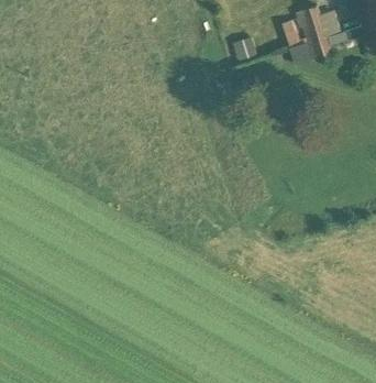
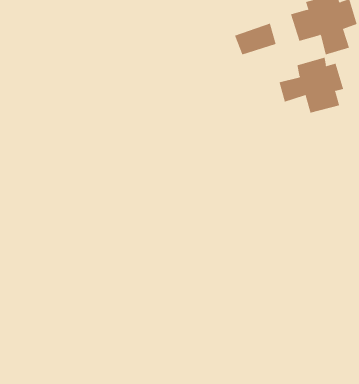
building: none -> [279,57,344,114]

